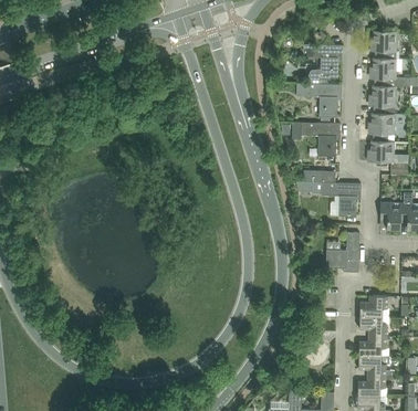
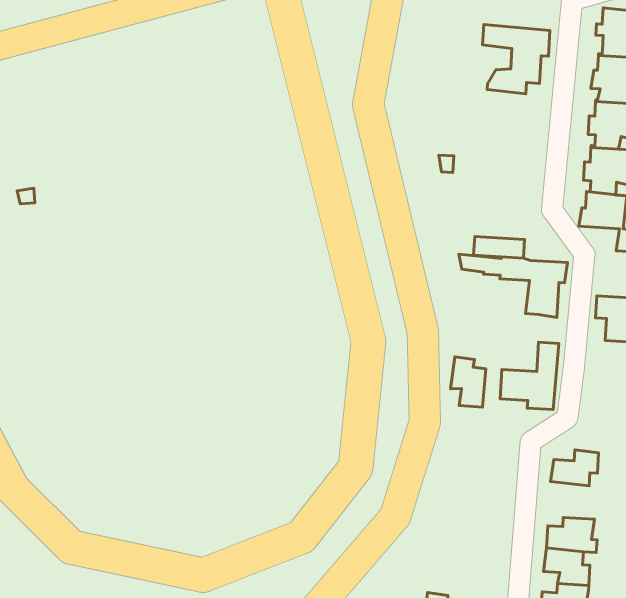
building: [296,83,342,117] -> none
building: [292,122,341,156] -> none
building: none -> [450,357,486,407]
building: [359,315,387,336] -> none

